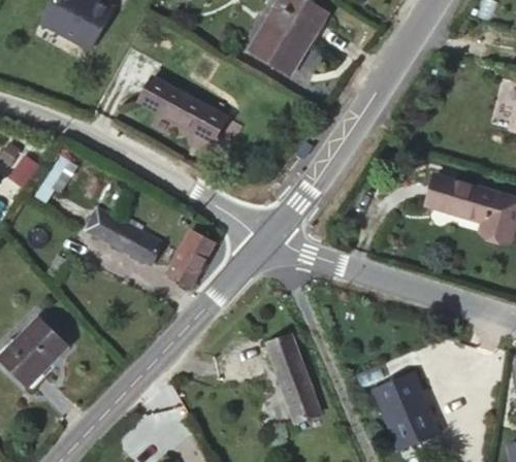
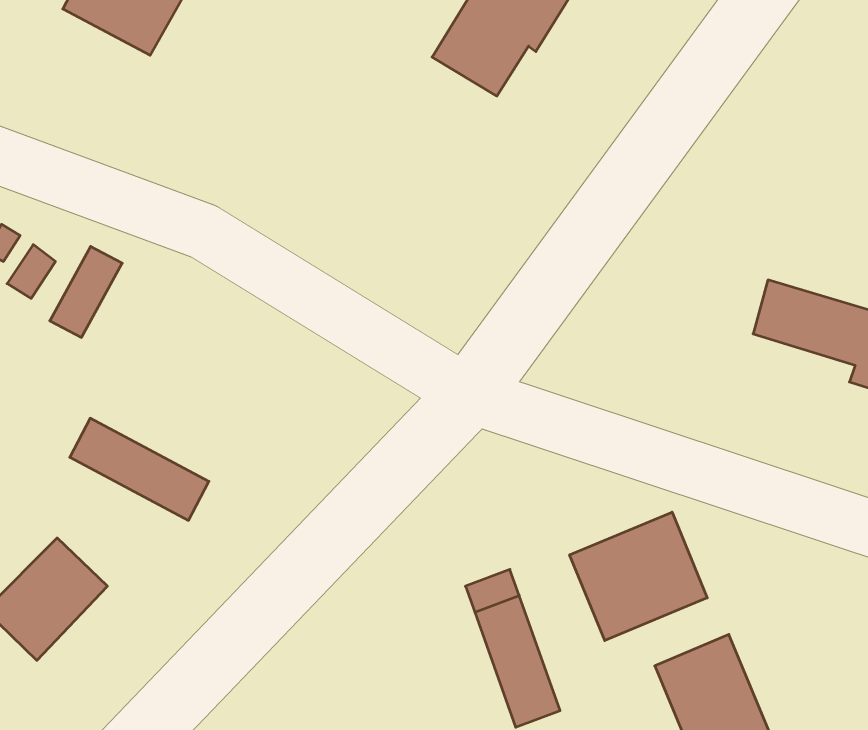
building: [138,77,225,141] -> none
building: [85,207,162,264] -> [70,418,209,520]
building: [167,231,213,286] -> none
building: none -> [570,512,707,641]

